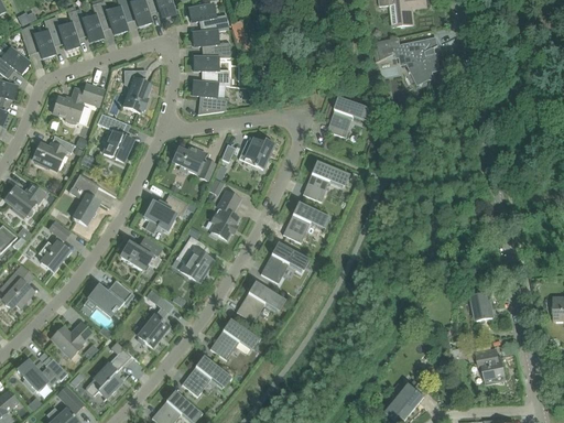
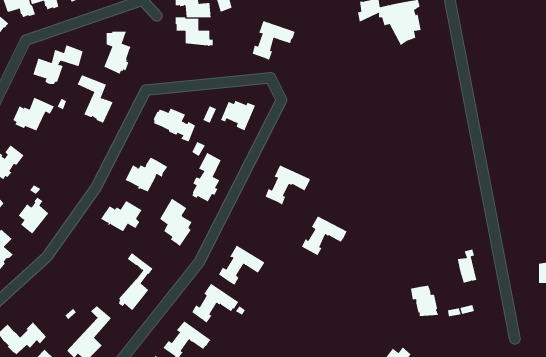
building: [193,79,228,113] -> none
building: [328,97,371,137] -> [252,21,295,60]
building: [303,161,347,200] -> none
building: [69,174,100,225] -> none
building: [261,242,307,282] -> [301,216,348,256]
building: [88,279,134,315] -> none
building: [52,322,91,356] -> none
building: [477,349,506,380] -> [410,285,439,316]

